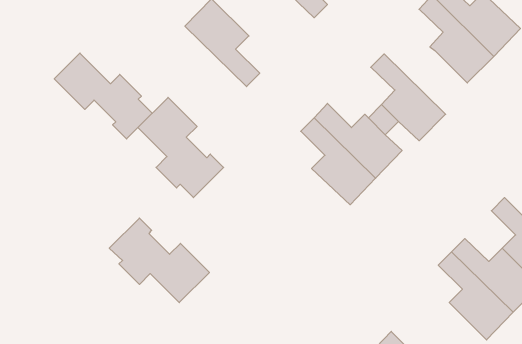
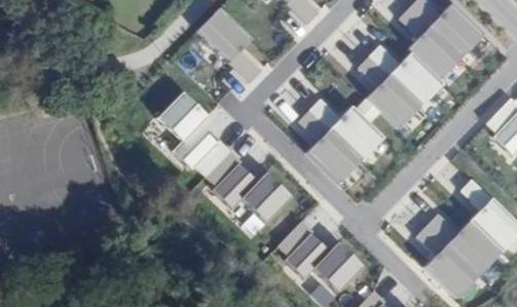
building: none -> [367,42,442,106]
building: [54,53,152,139] -> none
building: [109,218,209,303] -> [205,151,290,223]
building: none -> [275,222,361,294]

